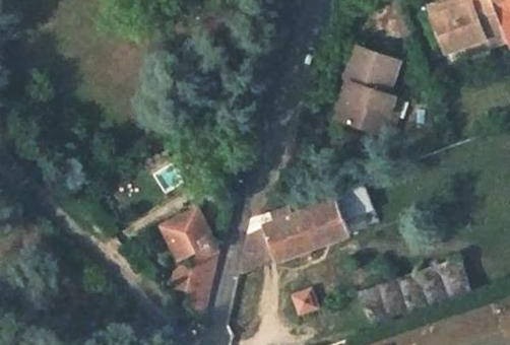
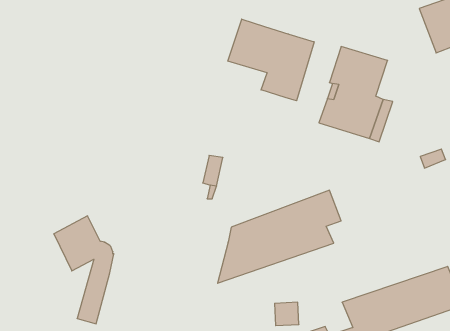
building: none -> [228,19,314,101]
building: [161,208,218,312] -> [54,216,114,324]

